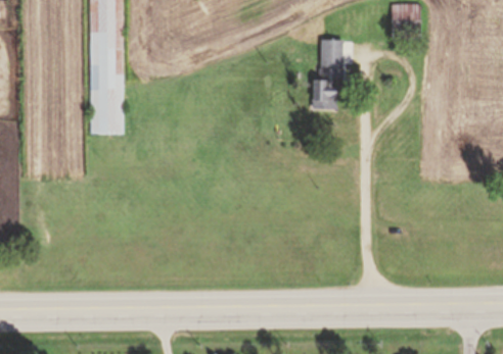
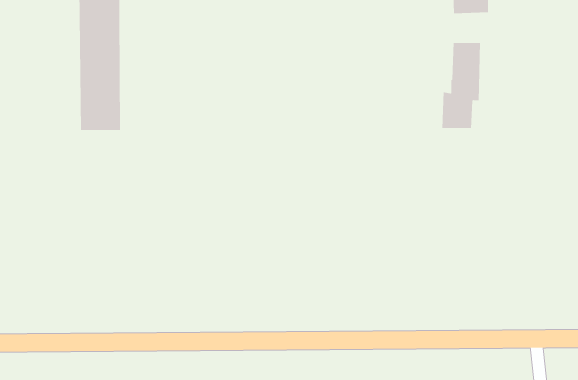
building: [312,40,344,109] -> [442,42,481,129]

